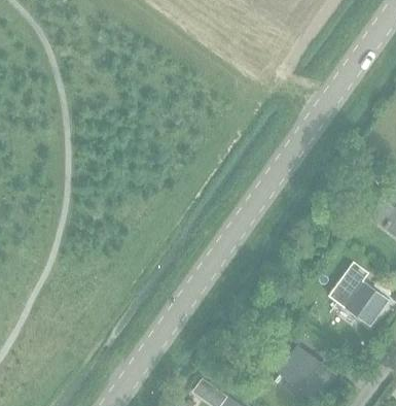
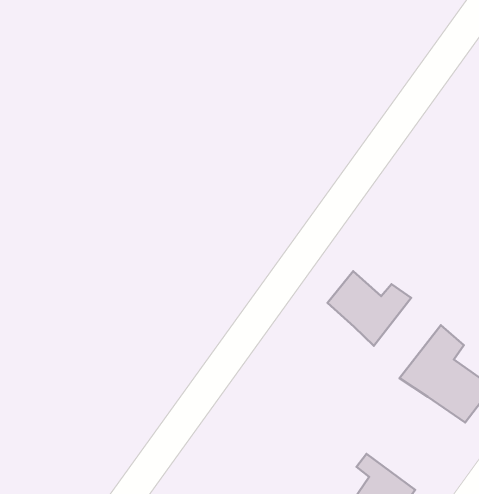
building: none -> [328,271,411,346]

